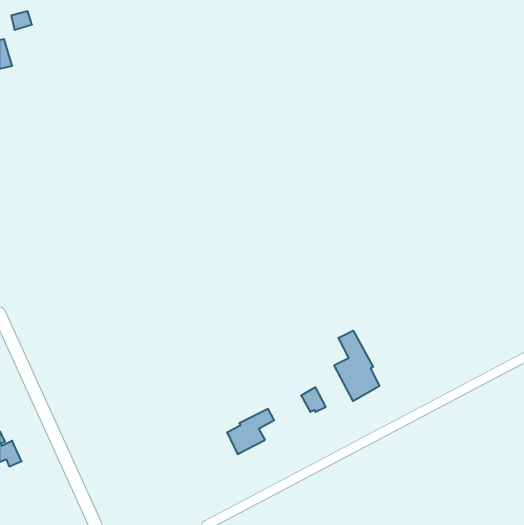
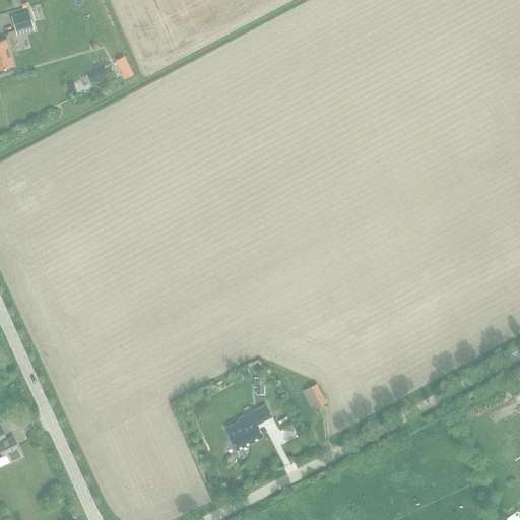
building: [334,331,379,401] -> none

